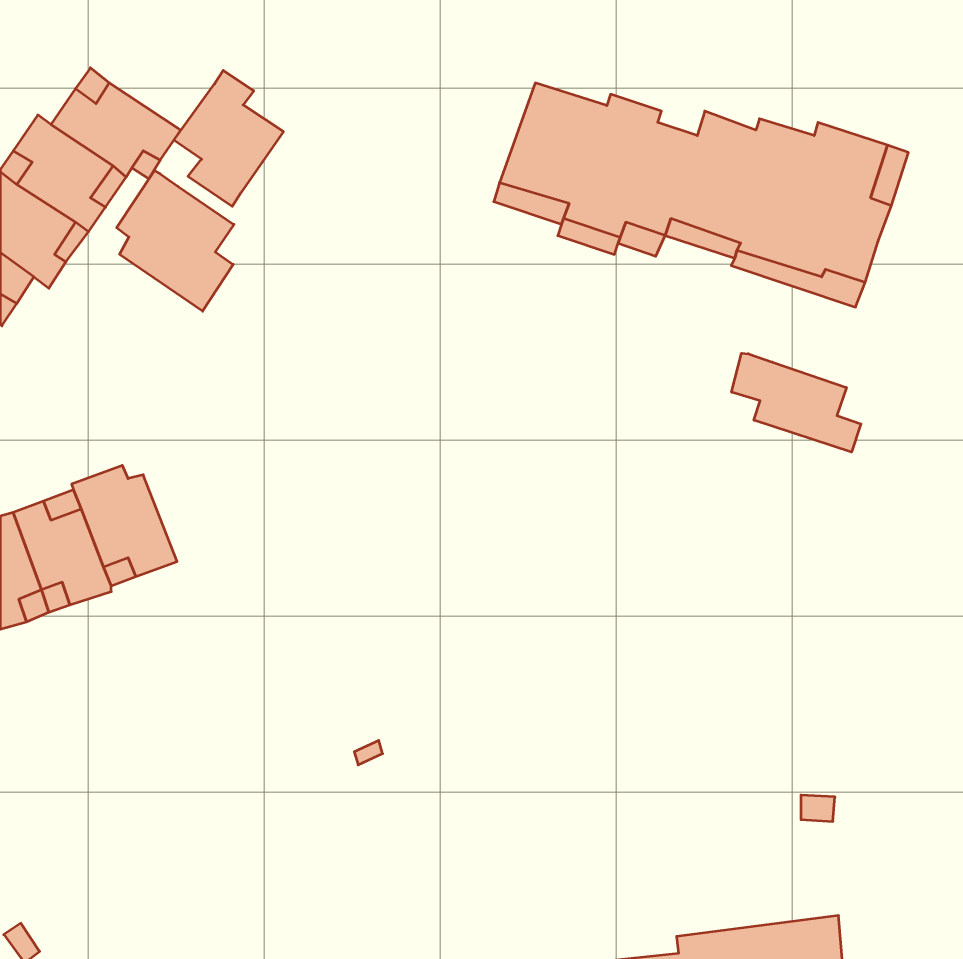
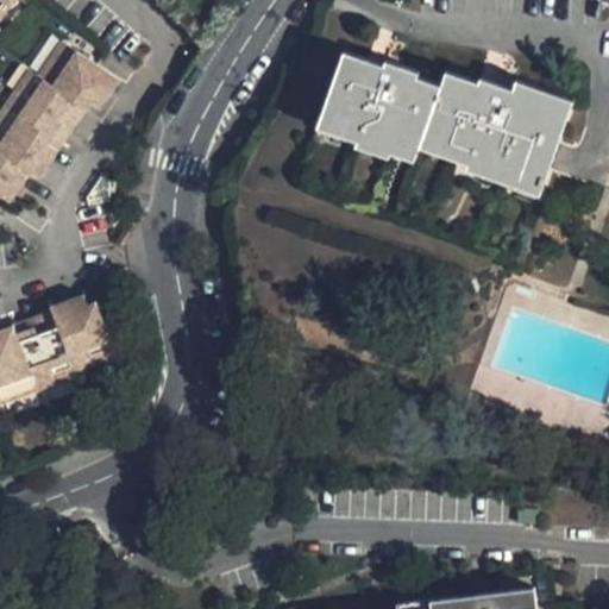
building: [174,70,283,206] -> none
building: [117,170,234,311] -> none
building: [732,353,861,452] -> none

